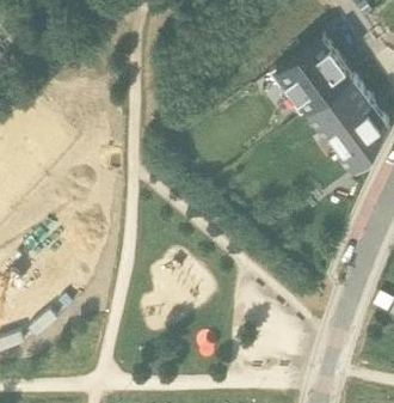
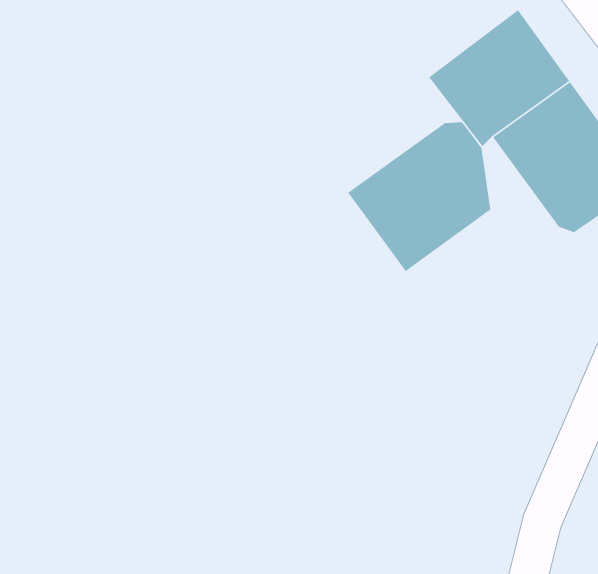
building: none -> [347,121,491,272]

